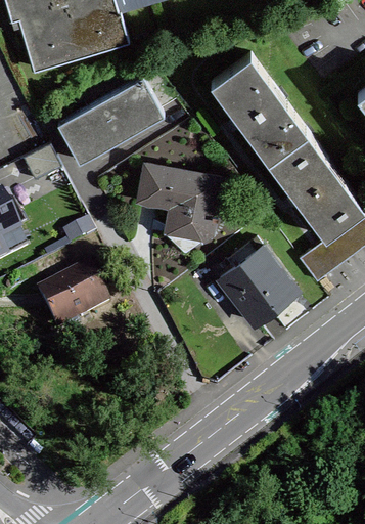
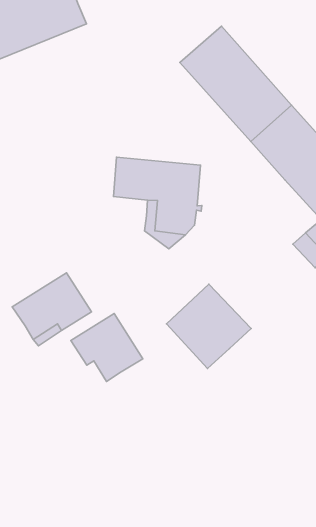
building: [55,78,162,163] -> none
building: [219,247,295,323] -> [166,284,251,368]
building: none -> [71,313,143,382]

